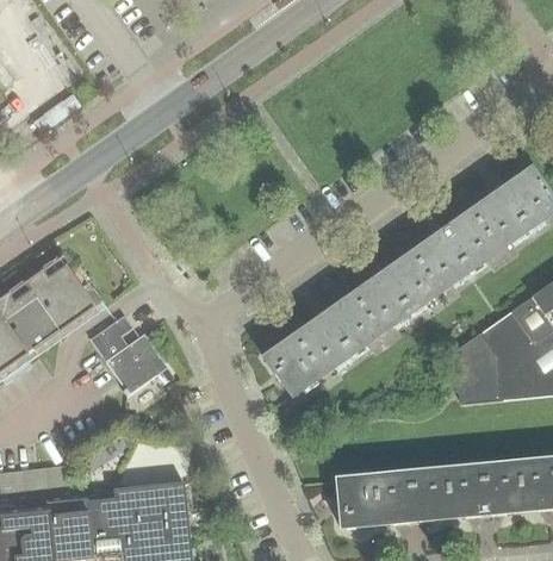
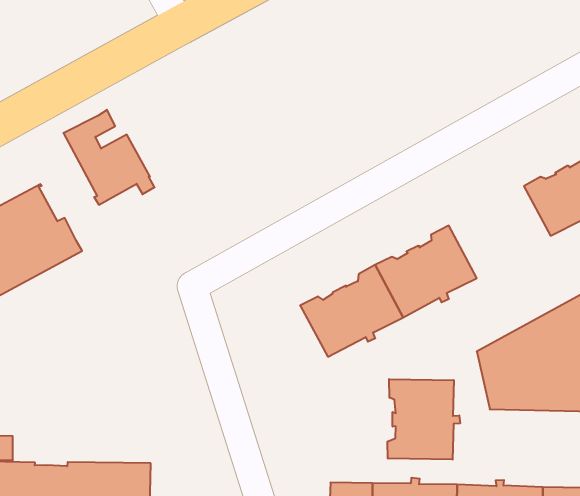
building: [411,211,498,293] -> none
building: [89,314,172,395] -> [63,110,155,205]
building: [263,334,322,395] -> none
building: none -> [388,379,460,460]

